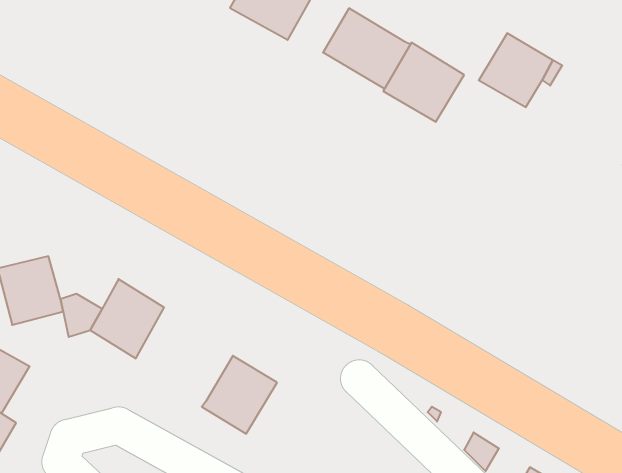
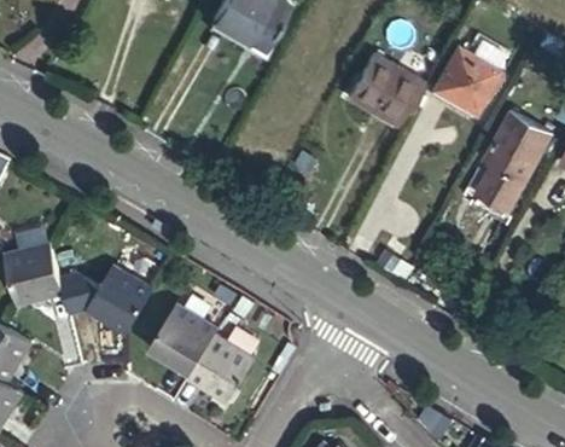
building: [323,8,411,89] -> none
building: none -> [476,106,548,205]
building: none -> [148,304,217,376]

